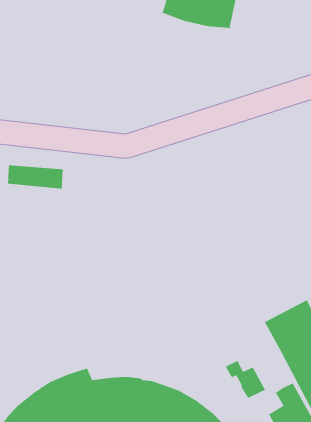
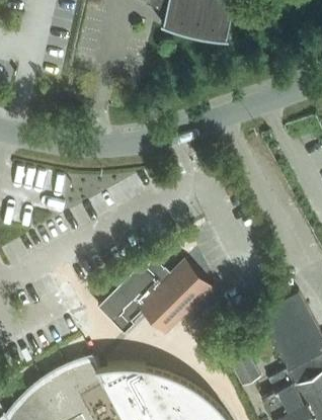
building: none -> [97,258,214,339]

